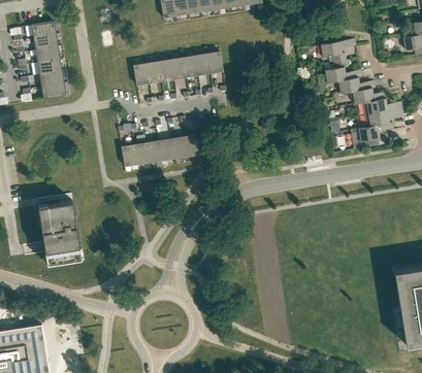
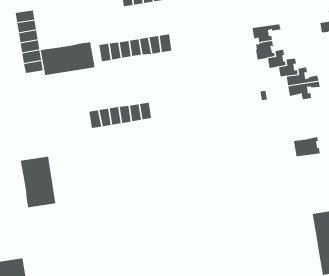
building: none -> [40,41,95,76]
building: [350,124,384,148] -> [293,137,321,157]

